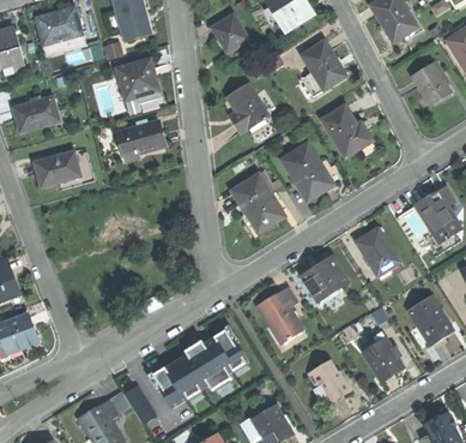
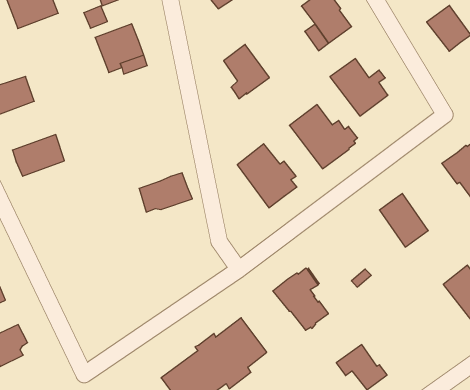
building: [117,121,164,154] -> [139,173,192,212]
building: [302,257,347,299] -> none
building: [363,340,403,381] -> none

